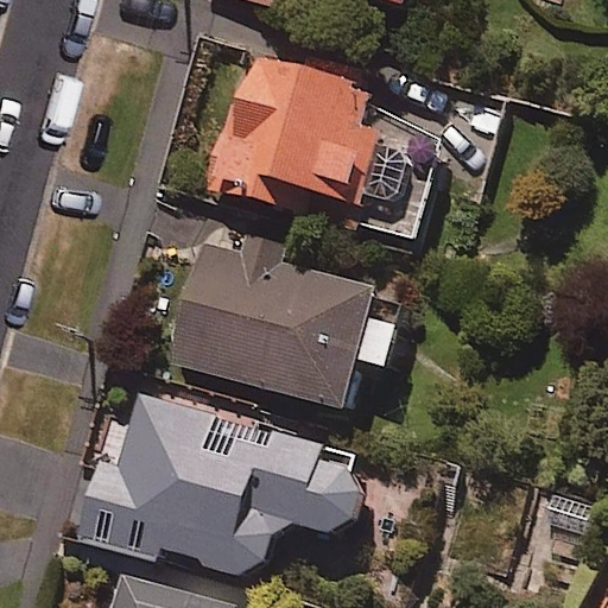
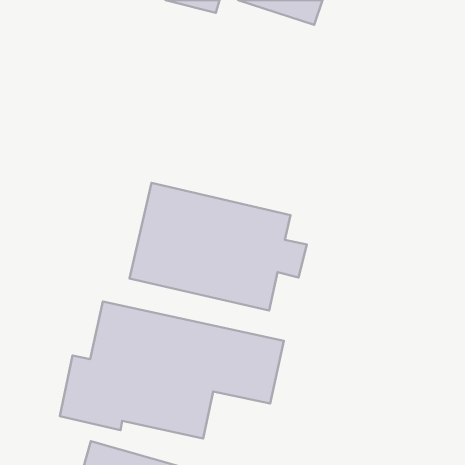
building: [208,44,441,240] -> none

